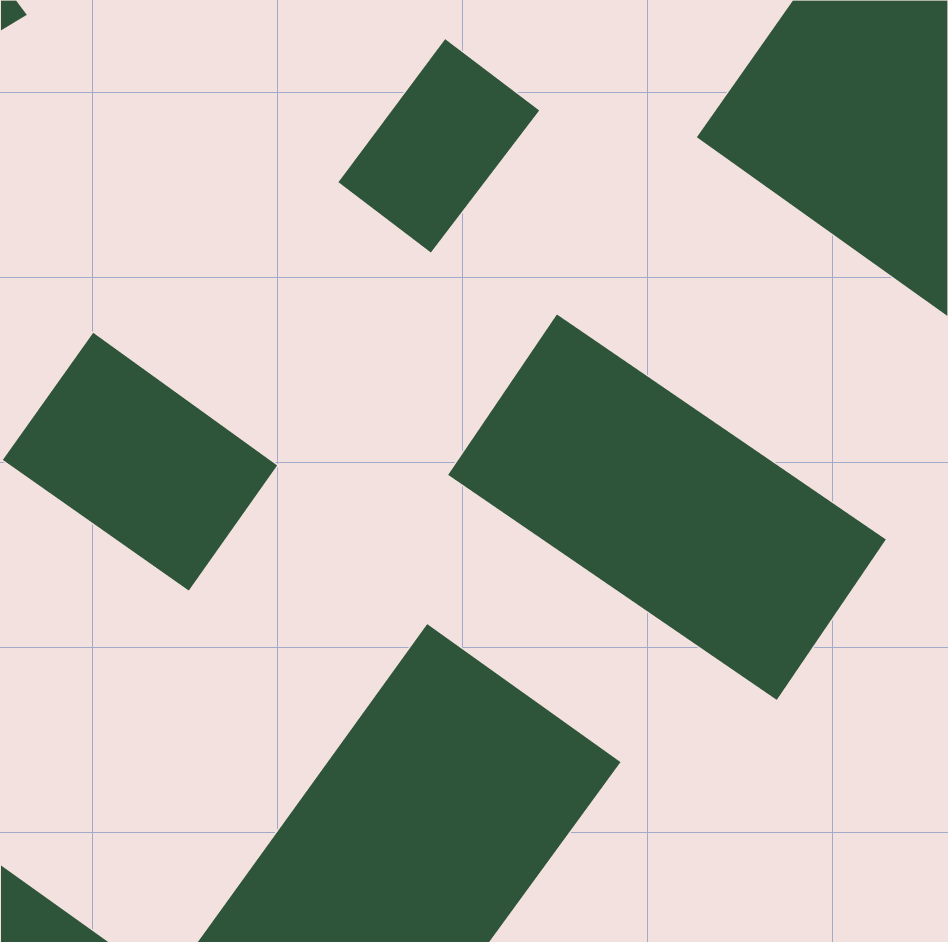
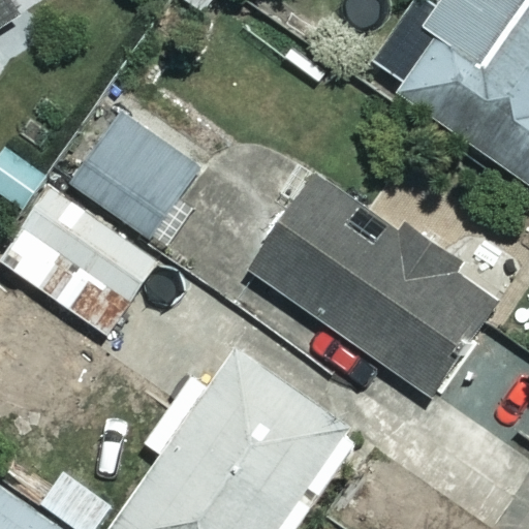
building: [338,38,540,253] -> none
building: none -> [63,103,199,237]

